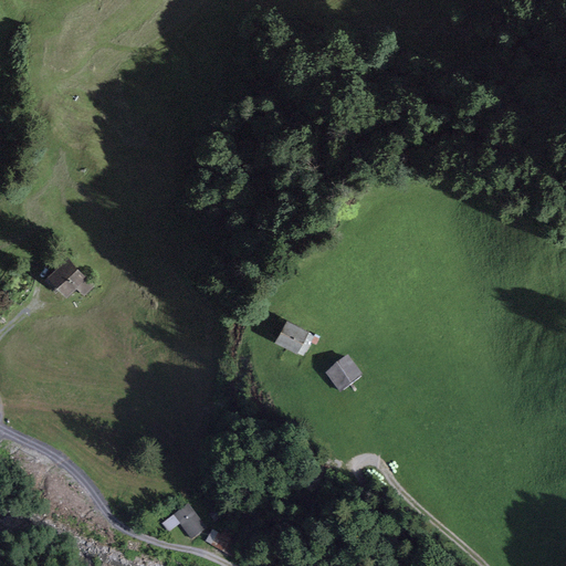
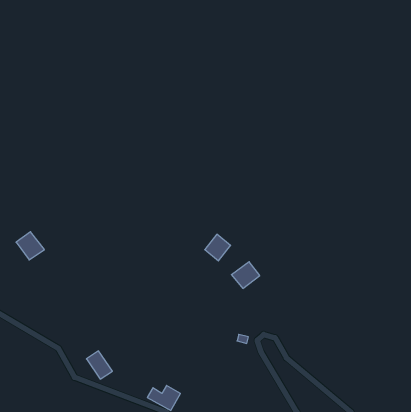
building: [52,260,91,298] -> [16,232,44,260]
building: [169,502,205,541] -> [86,351,112,379]

